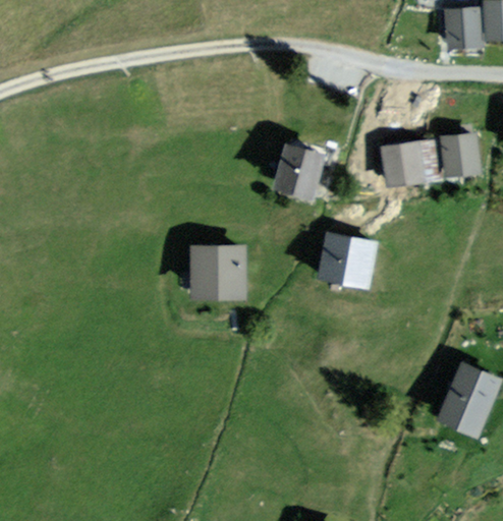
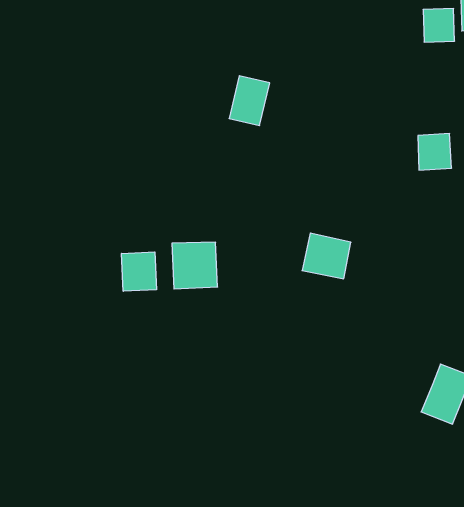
building: [385,144,437,182] -> none
building: [281,148,322,197] -> [229,76,270,126]
building: none -> [122,252,156,291]

